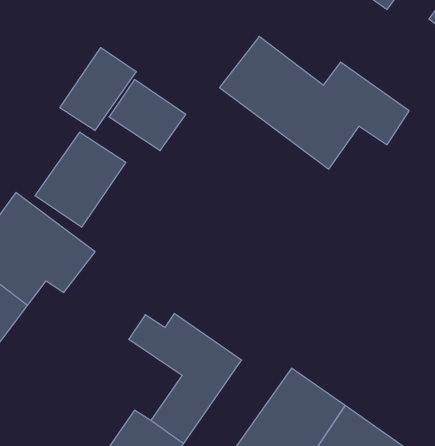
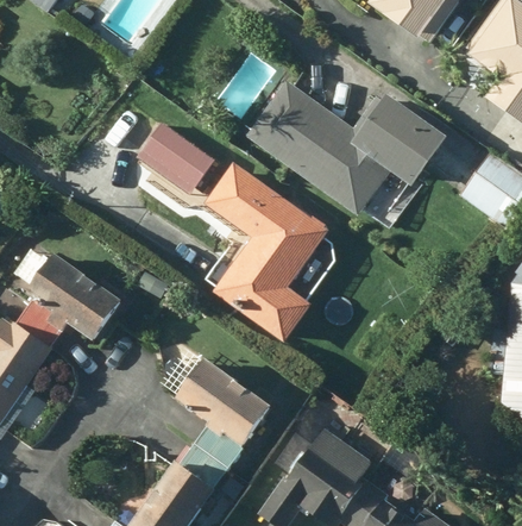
building: [60,48,136,131] -> none
building: none -> [193,148,327,334]
building: [35,132,126,227] -> none

